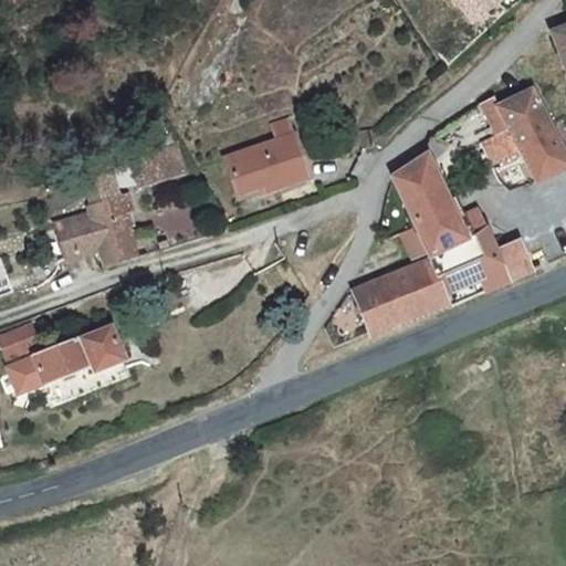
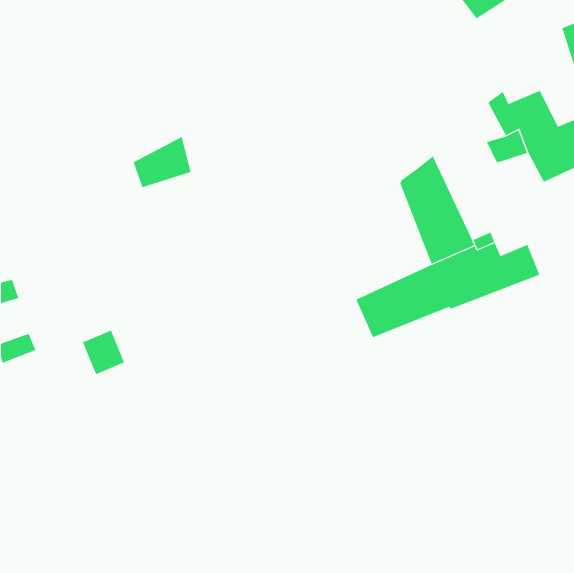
building: [229,117,312,190] -> none
building: [54,169,139,264] -> none
building: [8,336,92,391] -> none

